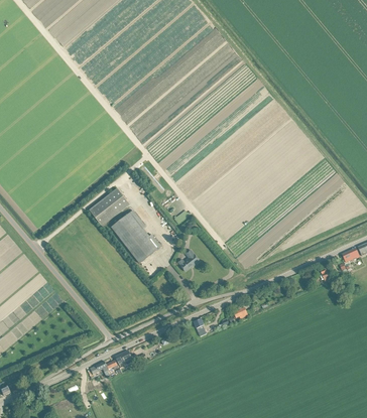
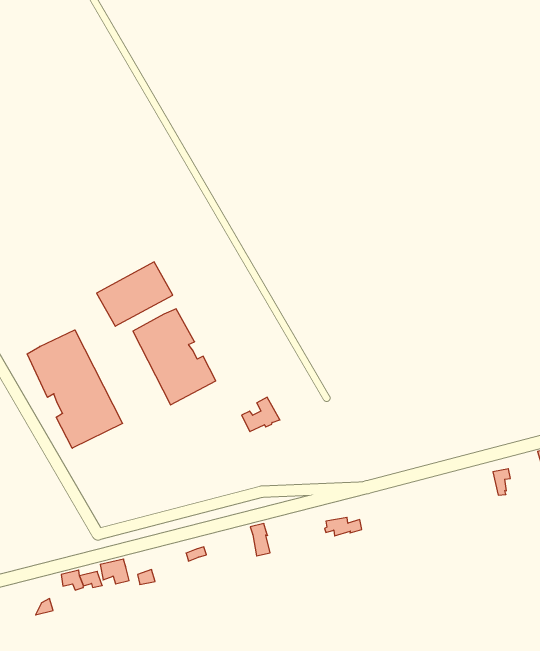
building: none -> [27,330,123,448]

